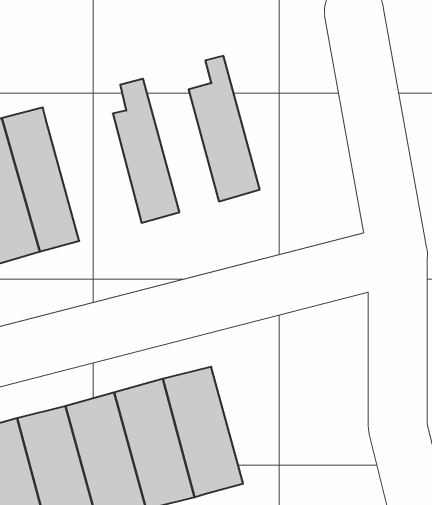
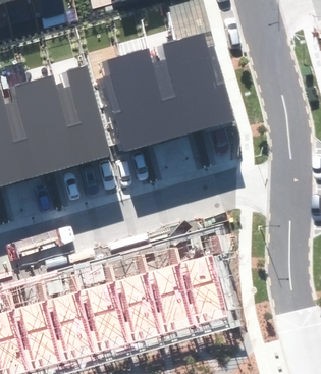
building: none -> [173,30,233,130]
building: none -> [119,49,170,146]
building: none -> [54,67,110,165]
building: none -> [165,241,219,328]

